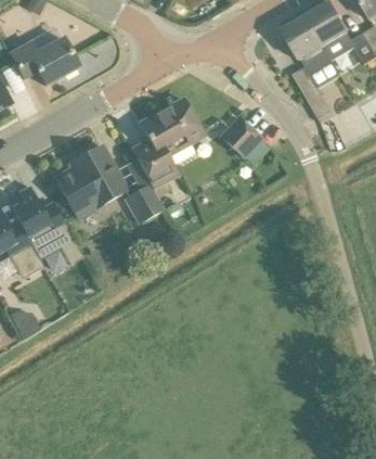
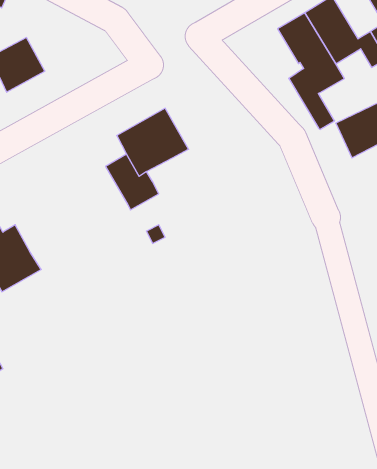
building: [221,116,261,156] -> none
building: [52,144,127,217] -> none
building: [126,183,165,222] -> none

